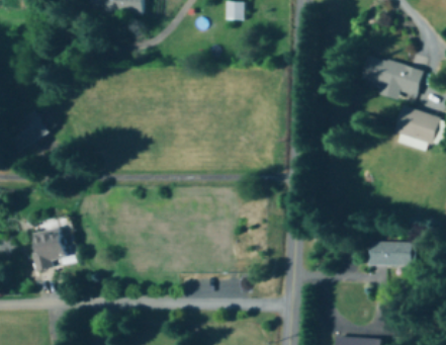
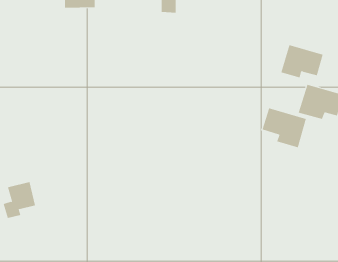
building: none -> [262,107,307,148]
building: [369,241,416,266] -> none

